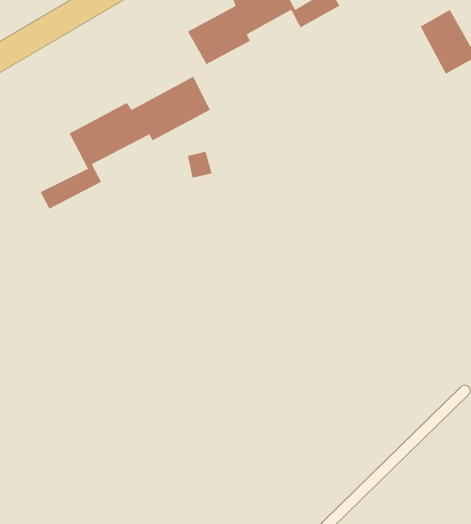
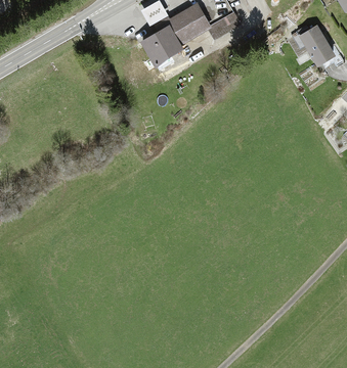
building: [40,76,210,209] -> none

